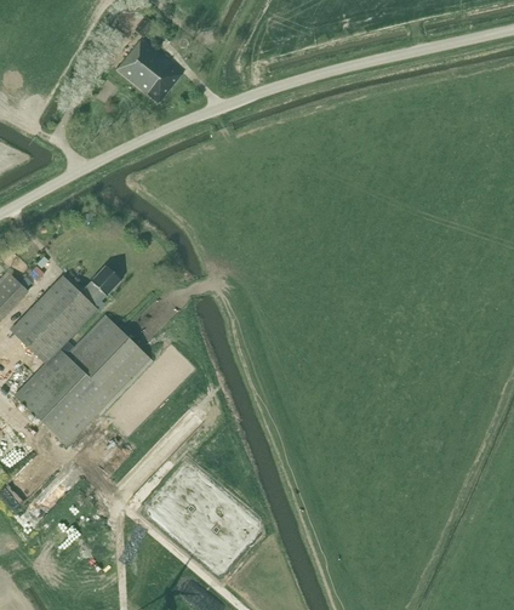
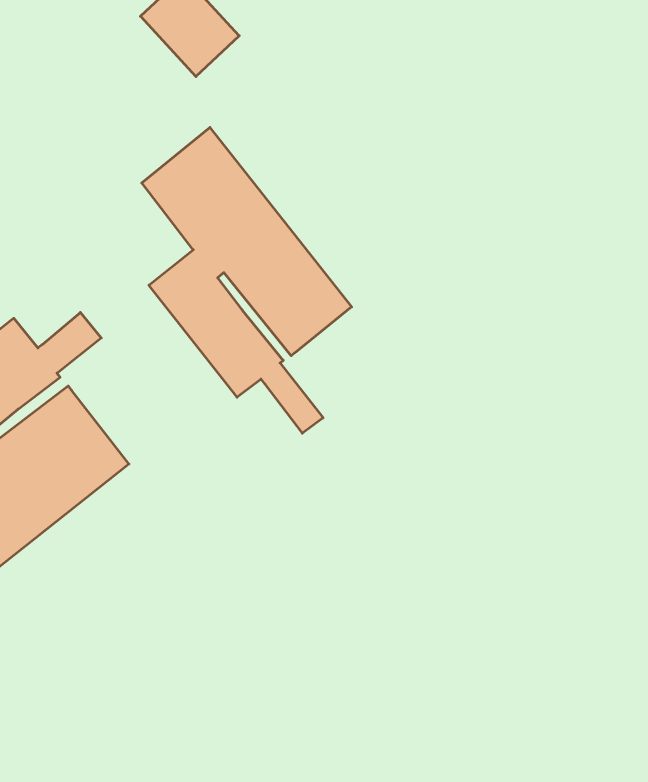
building: none -> [142,127,352,433]

